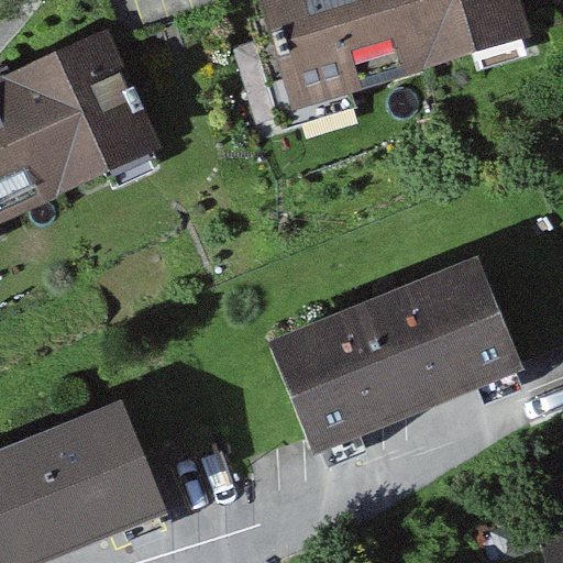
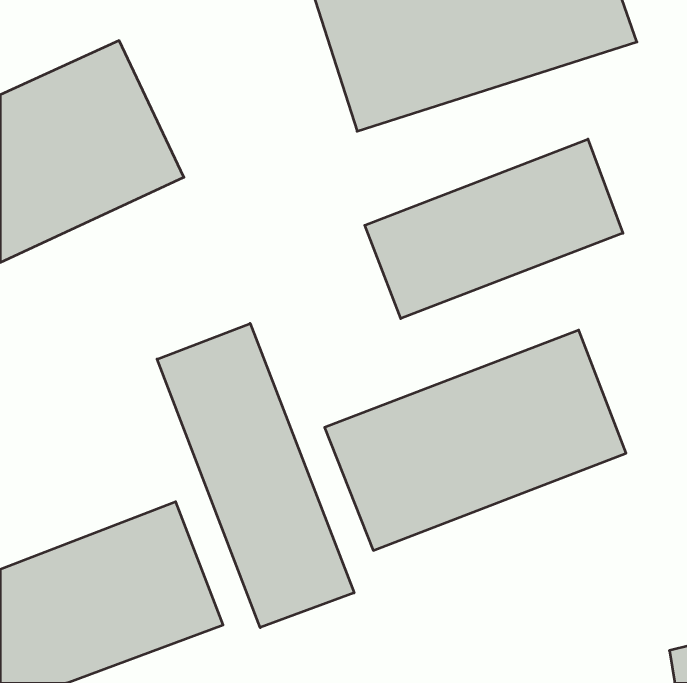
building: none -> [365,139,623,319]
building: none -> [157,323,354,628]

